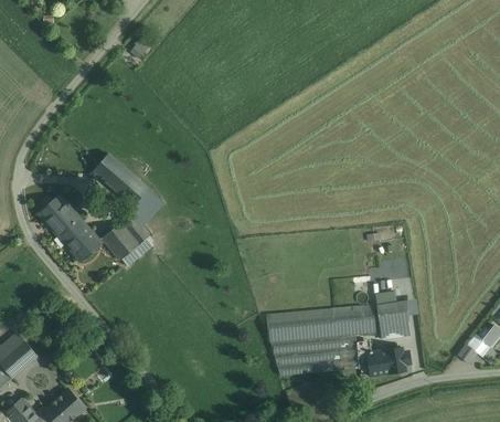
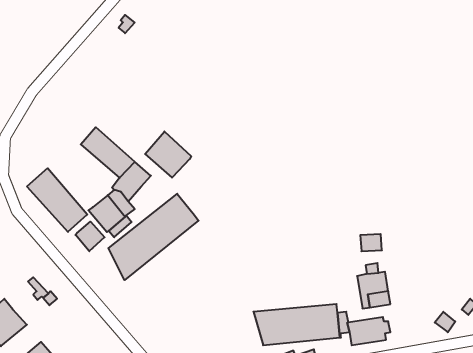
building: none -> [145,131,191,178]
building: none -> [108,194,199,280]
building: none -> [75,222,105,251]
building: [266,305,376,342] -> none

